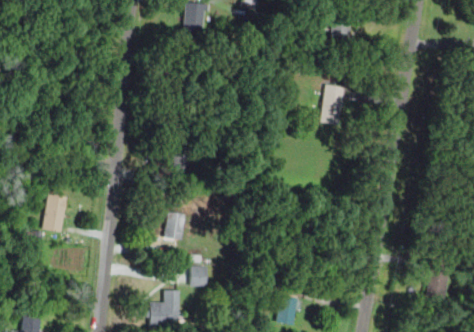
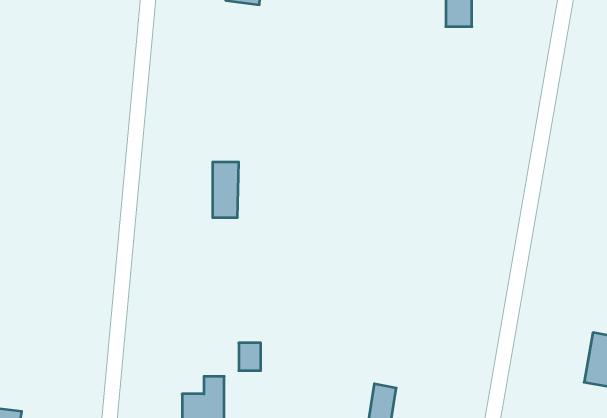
building: [321,84,345,124] -> none
building: [43,193,68,231] -> none
building: [166,211,186,239] -> none

